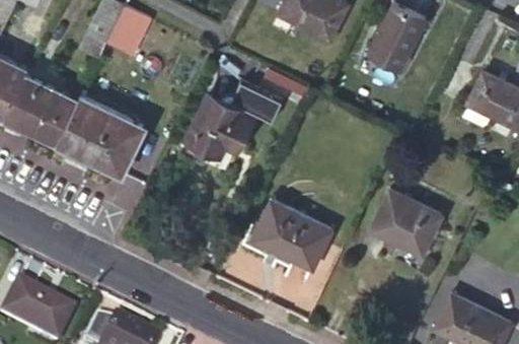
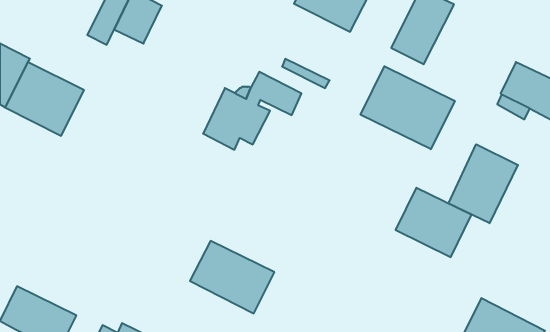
building: none -> [361,66,455,149]
building: [58,95,145,173] -> none
building: none -> [449,144,518,223]
building: [253,201,332,269] -> [190,241,274,313]

